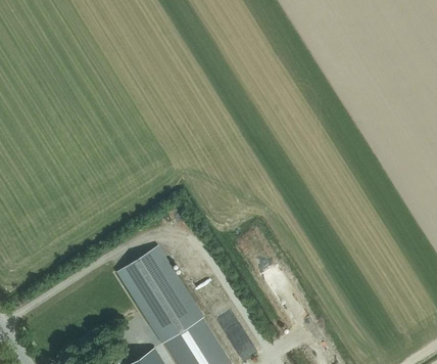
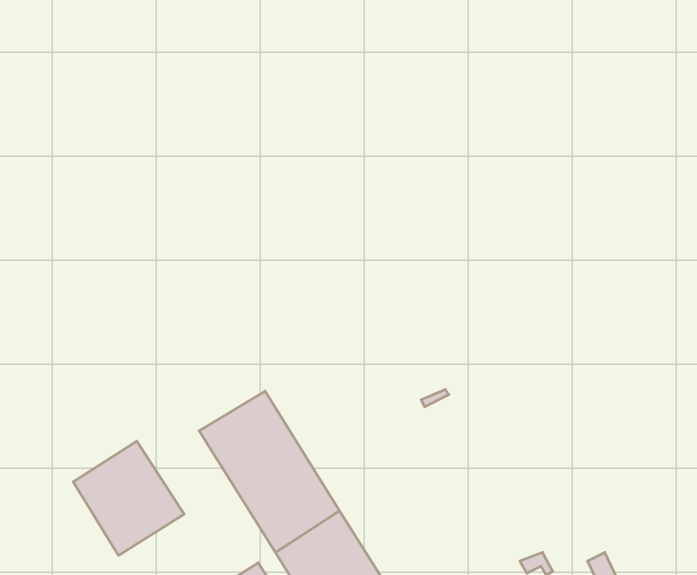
building: none -> [73,441,184,555]

